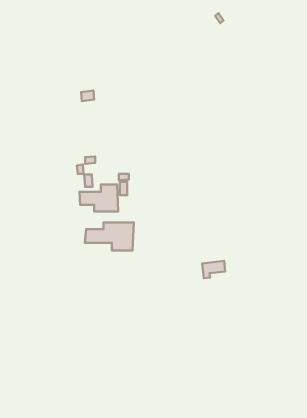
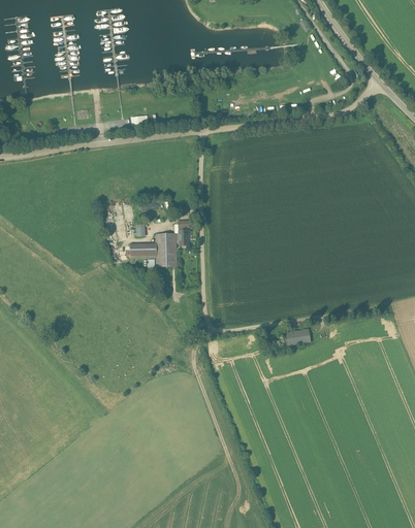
building: [85,223,134,250] -> none

